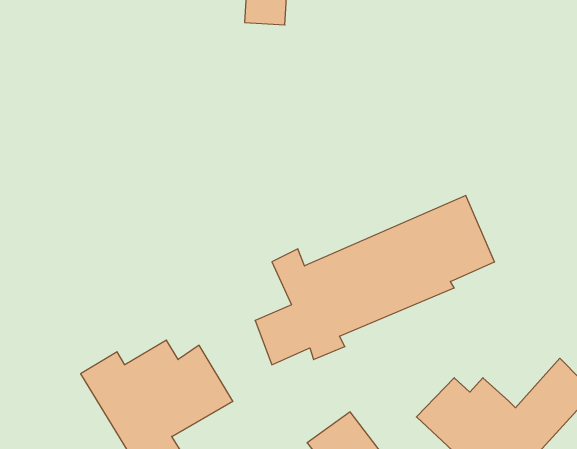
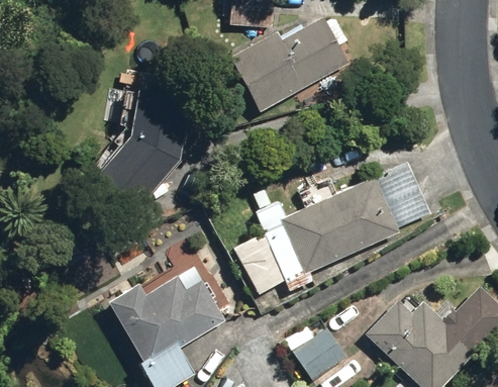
building: none -> [221,16,340,112]
building: none -> [96,86,190,211]

